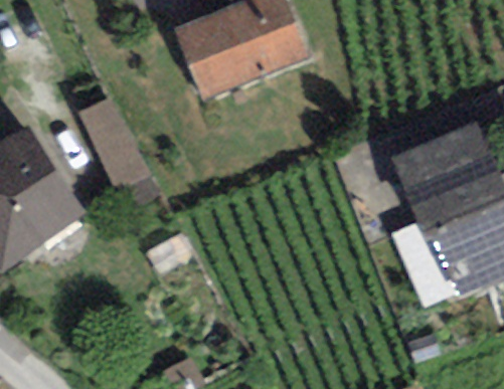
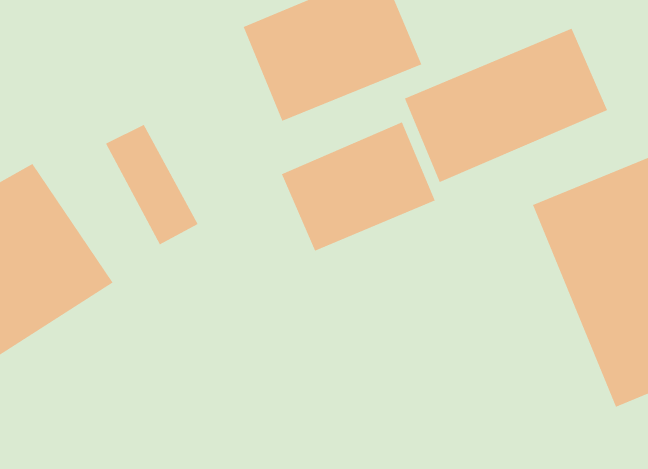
building: none -> [404,28,608,183]
building: none -> [281,121,436,252]

